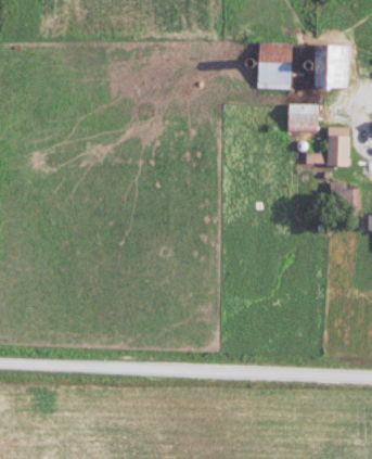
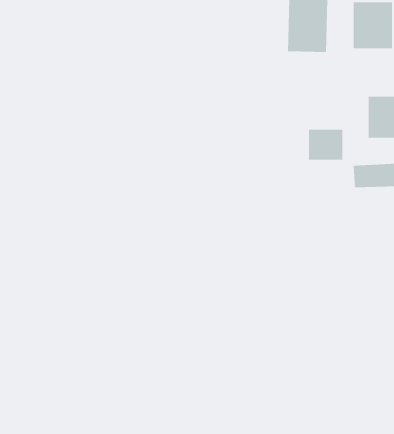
building: [287,105,318,132] -> [308,129,343,160]

